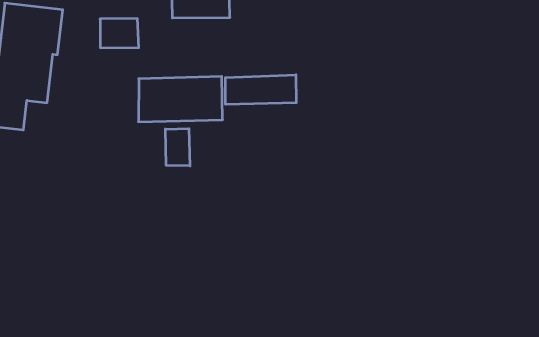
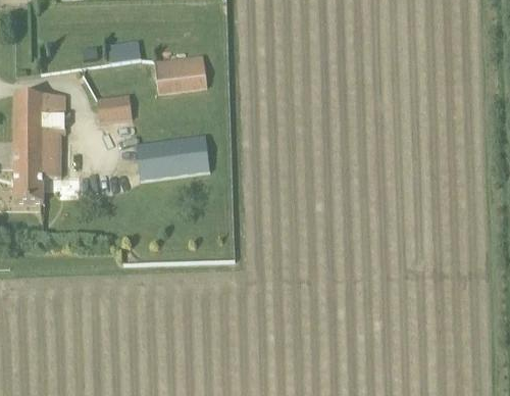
building: [225,75,296,104] -> none
building: [165,129,190,166] -> none

